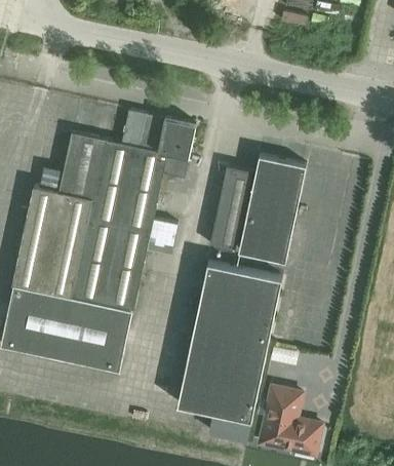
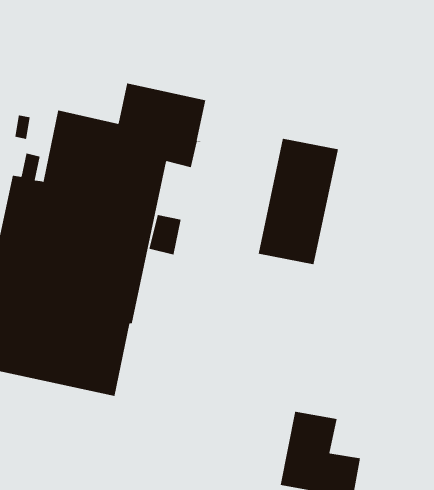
building: [208,167,251,253] -> none
building: [178,264,282,422] -> none

